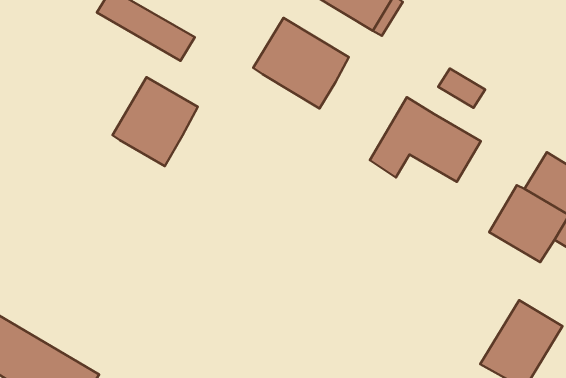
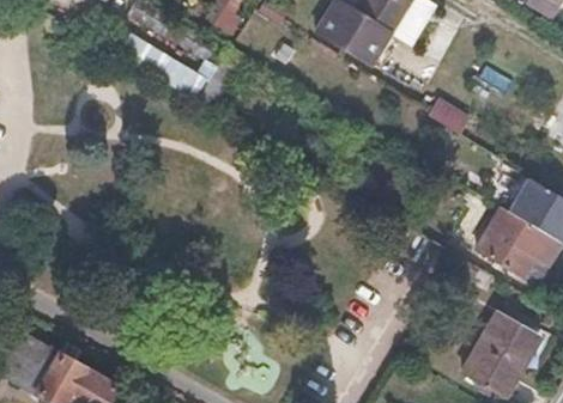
building: [253,18,349,108] -> none
building: [113,77,198,166] -> none
building: [370,97,481,182] -> none

